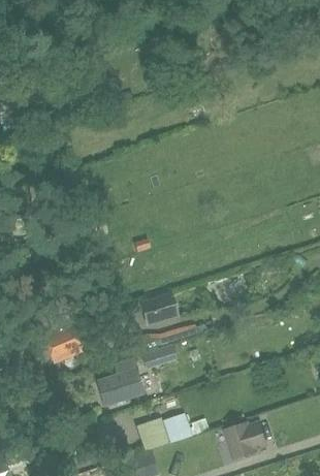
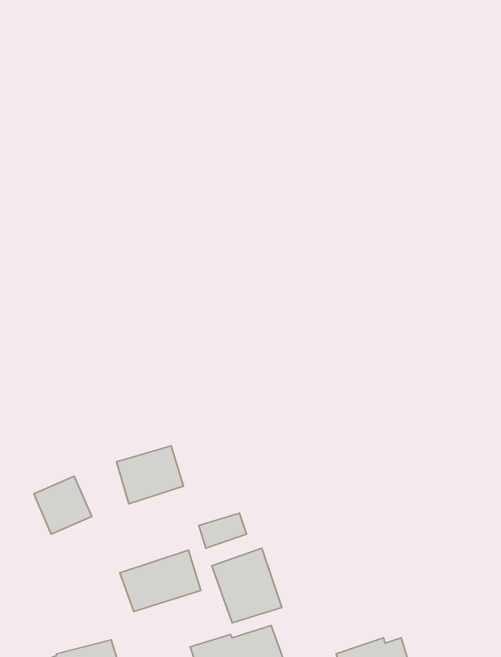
building: [139,292,179,326] -> [117,446,183,504]
building: none -> [212,548,282,623]

